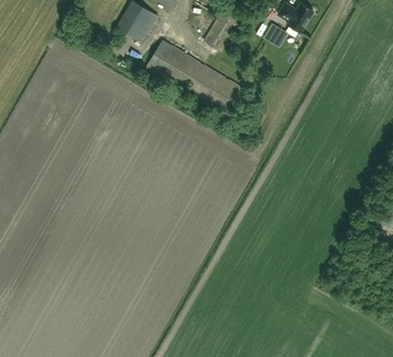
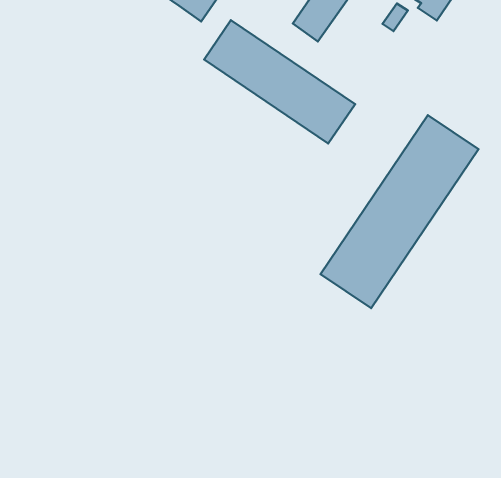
building: none -> [320,115,479,308]

